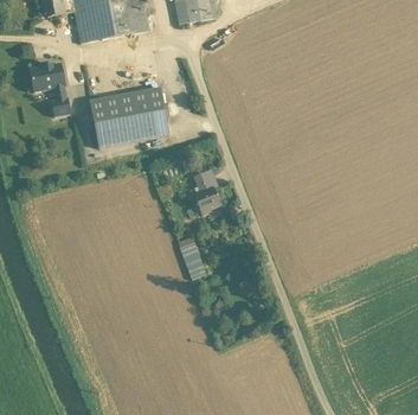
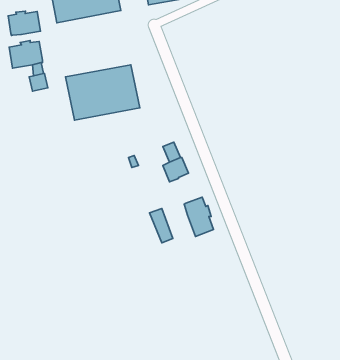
building: none -> [8,11,40,36]
building: none -> [184,197,214,236]

